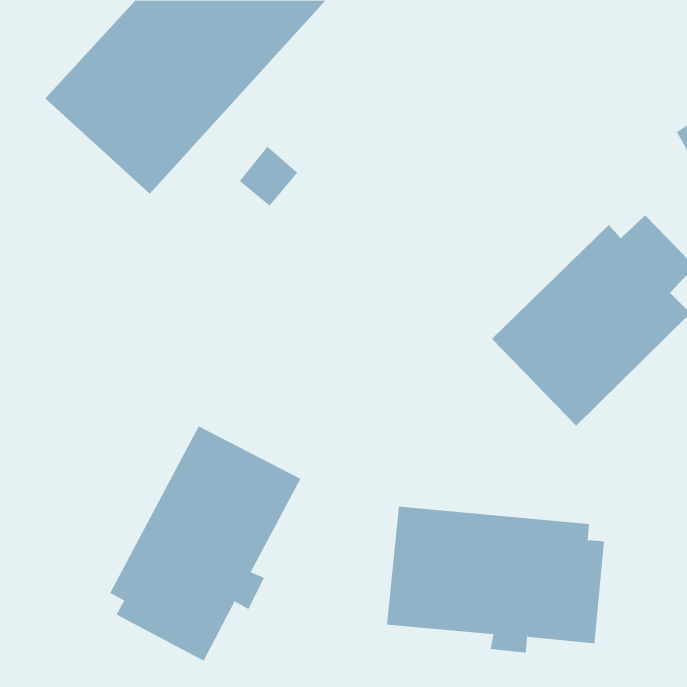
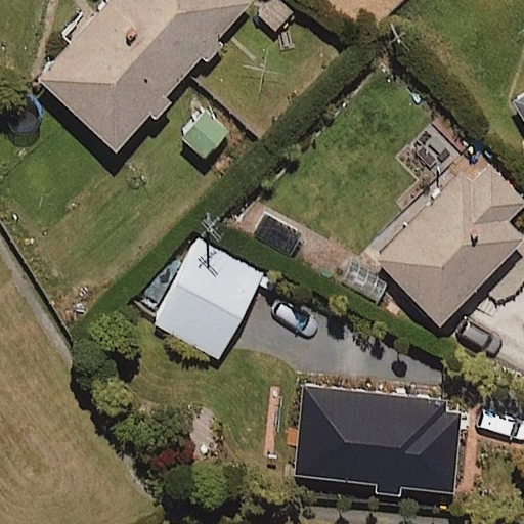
building: none -> [155,238,264,357]
building: [110,425,301,662] -> none

